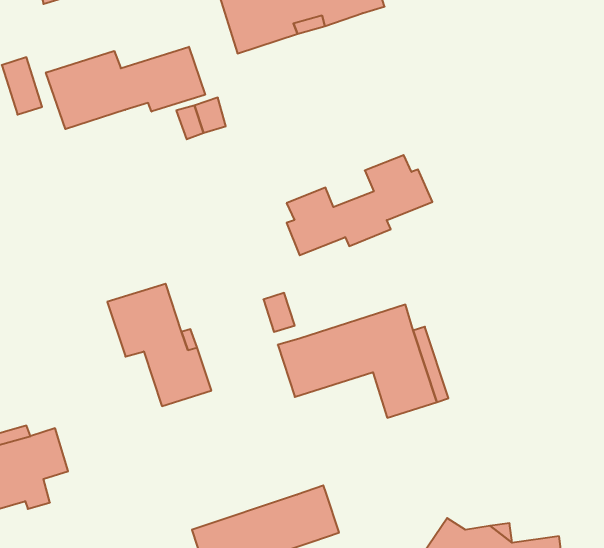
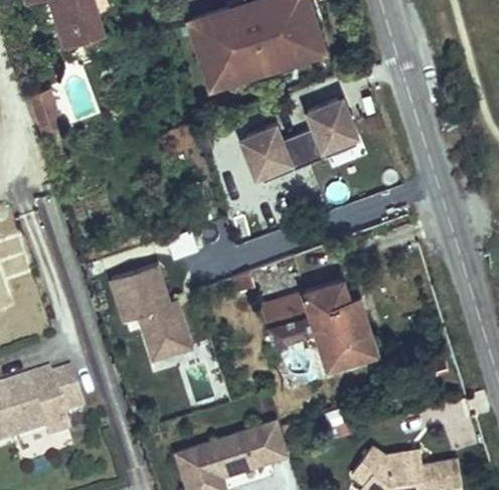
building: [46,47,205,129] -> none
building: [287,155,432,255] -> [252,99,364,176]

